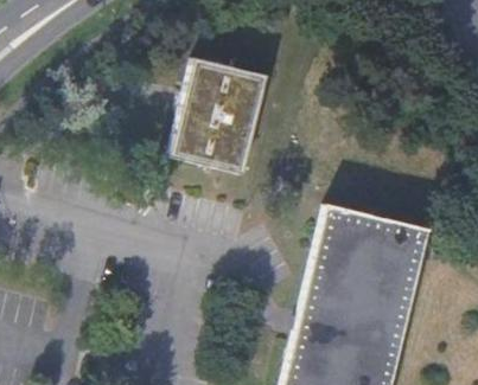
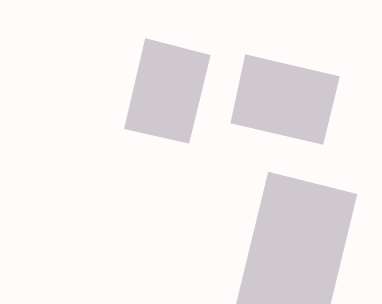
building: none -> [230,53,341,145]

